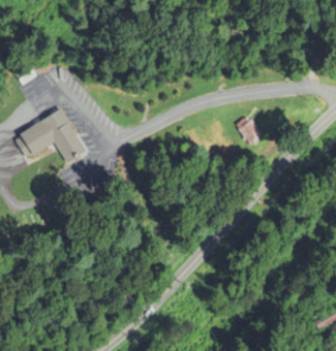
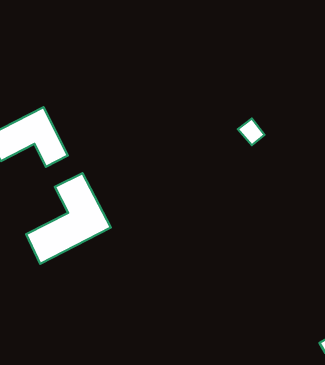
building: none -> [26,173,111,264]

